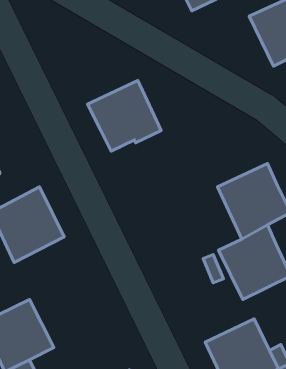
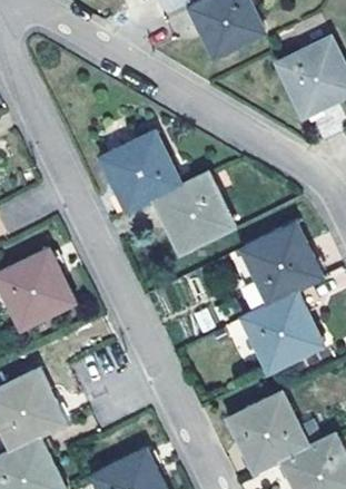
building: none -> [152,174,233,254]

